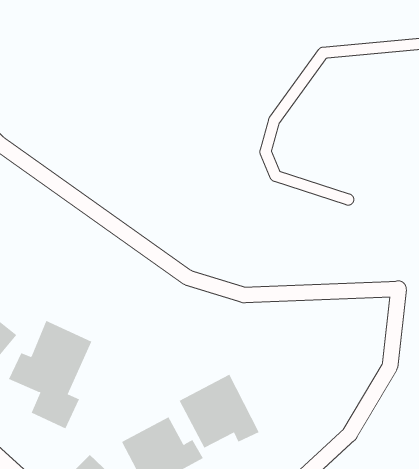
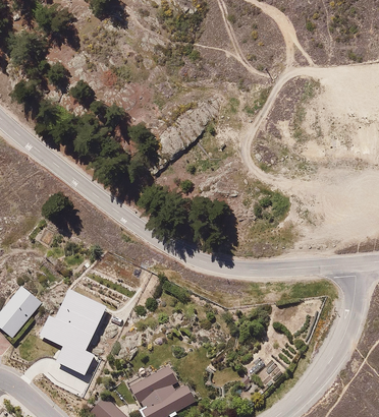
building: [179,374,259,448] -> none

